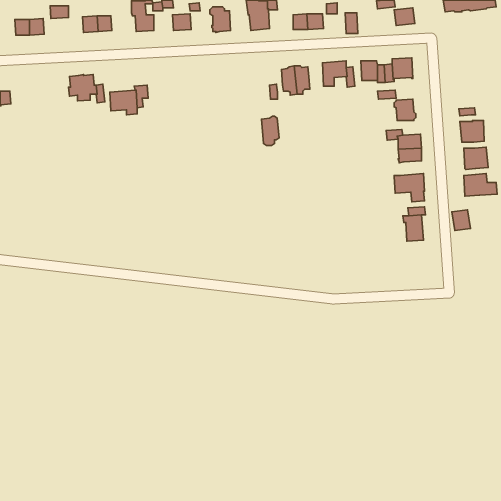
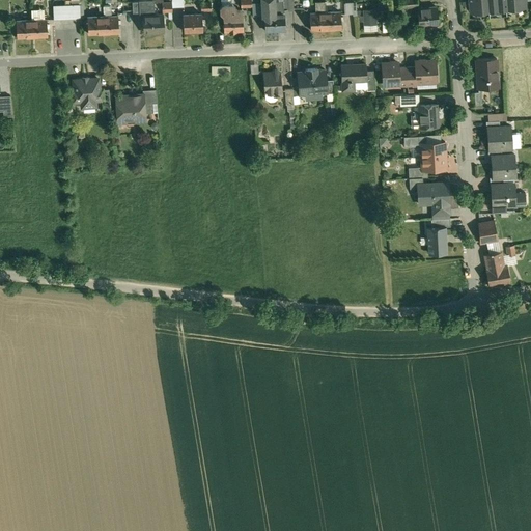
building: none -> [476,59,499,89]
building: [262,116,279,146] -> [263,71,282,102]
building: none -> [484,253,510,287]

